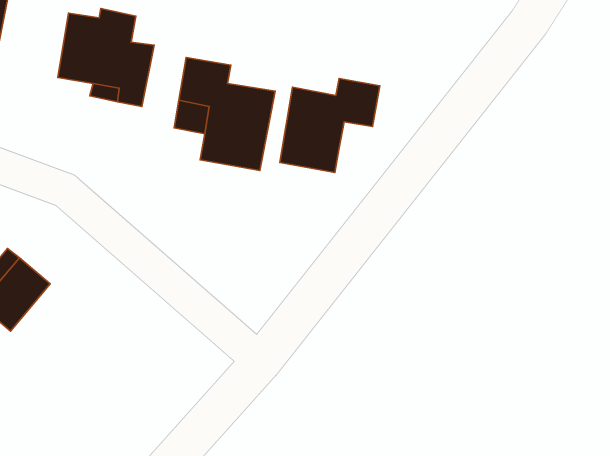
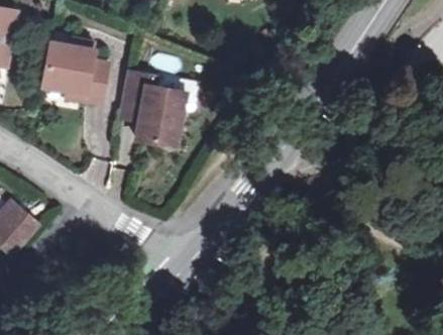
building: [280,78,380,172] -> none

